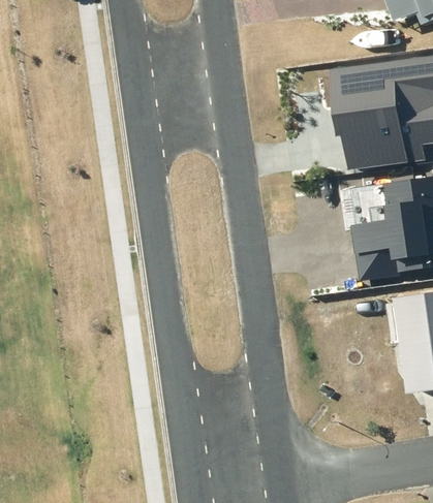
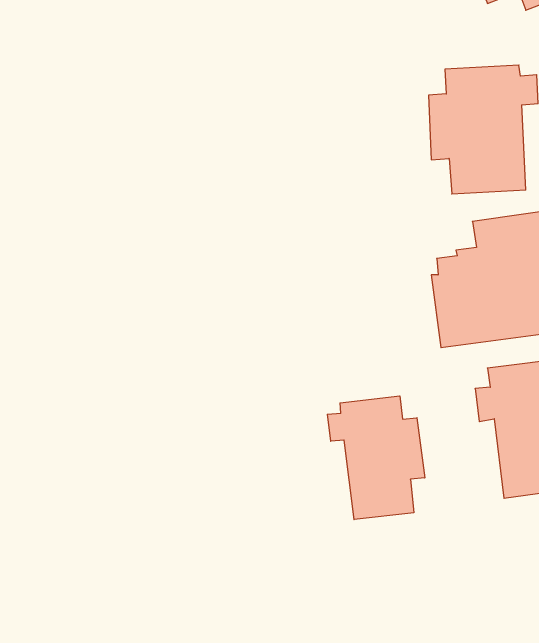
building: none -> [327,396,425,520]

